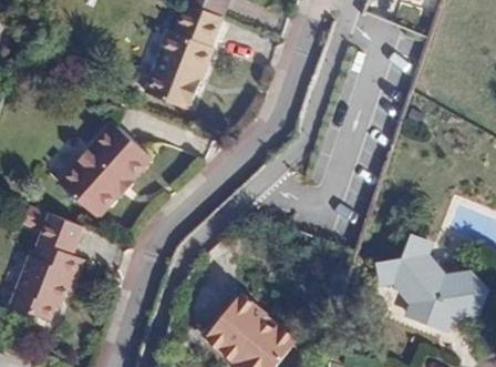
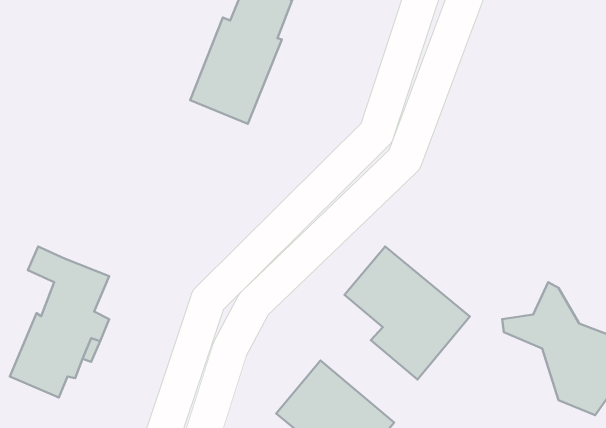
building: [59,129,146,218] -> none
building: none -> [344,247,470,379]

